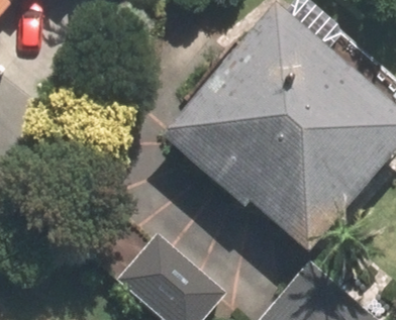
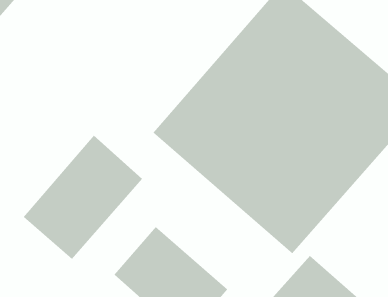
building: none -> [23,135,143,260]

